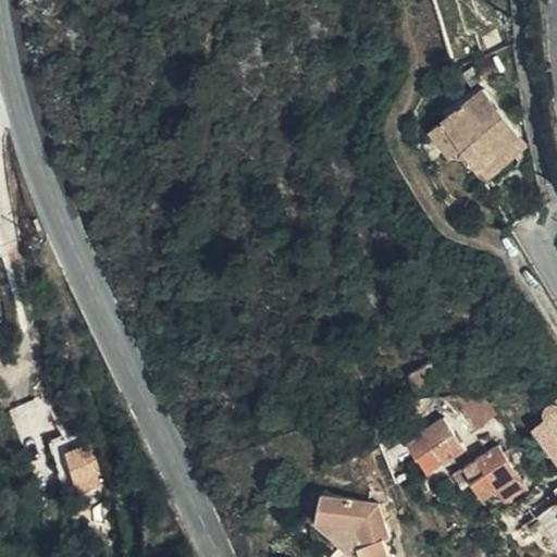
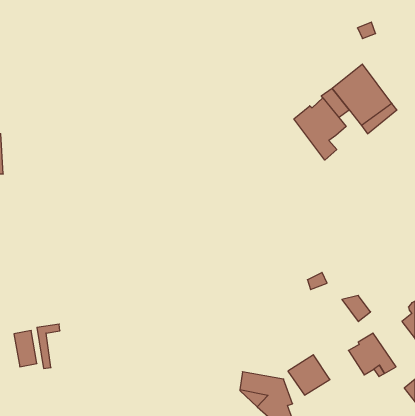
building: none -> [294,98,346,160]
building: [406,420,461,473] -> [288,355,330,395]
building: [64,444,95,492] -> [14,331,37,367]

